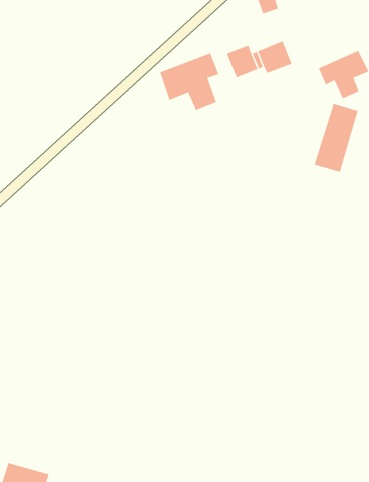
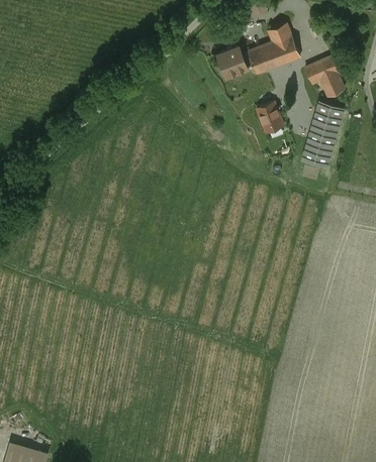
building: none -> [268,22,300,64]
building: [160,52,219,111] -> none
building: none -> [257,101,283,132]

